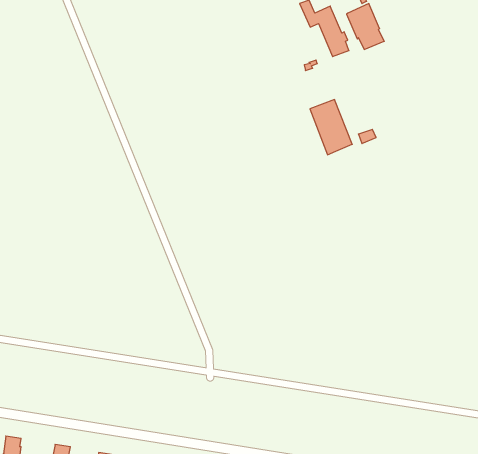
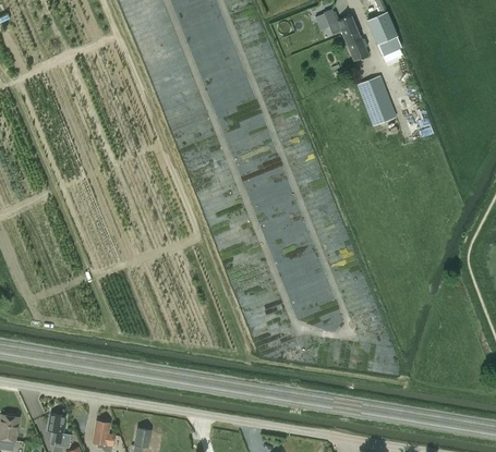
building: [310,100,352,155] -> [356,75,396,126]

